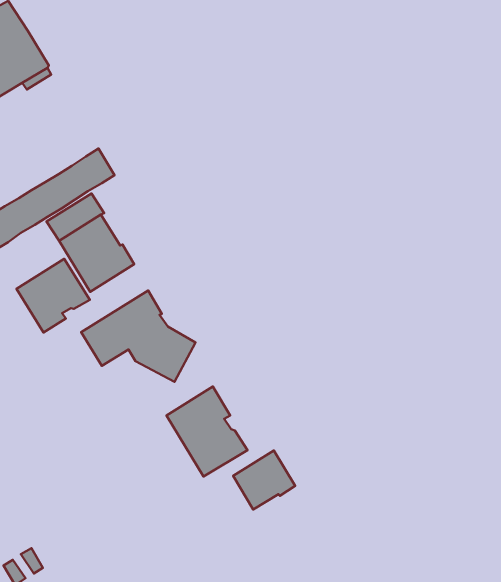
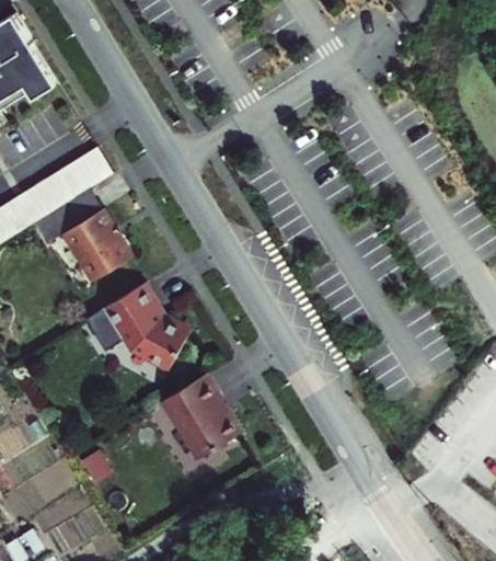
building: [17,259,90,333] -> none
building: [233,451,295,509] -> none

